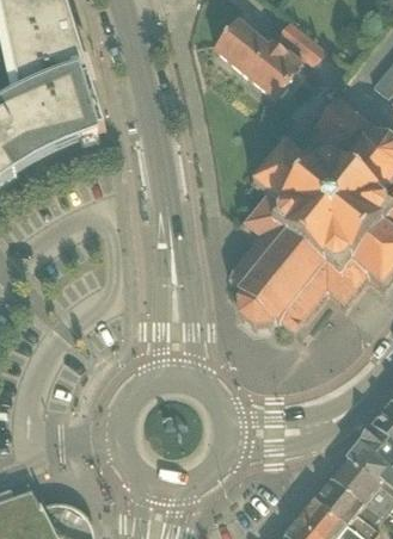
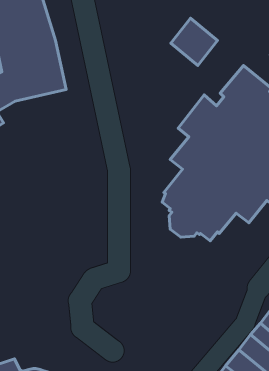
building: [277,19,326,64] -> none
building: [215,20,262,68] -> none

